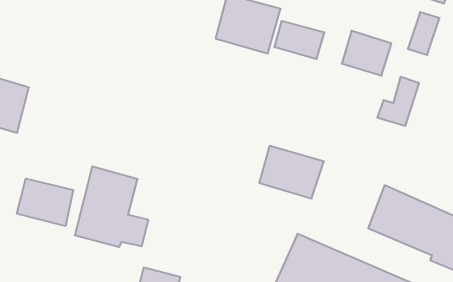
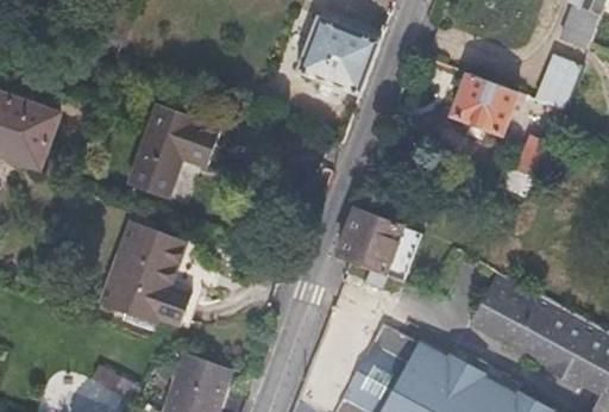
building: [274,21,324,59] -> none
building: none -> [130,100,216,195]
building: [17,179,73,226] -> none

